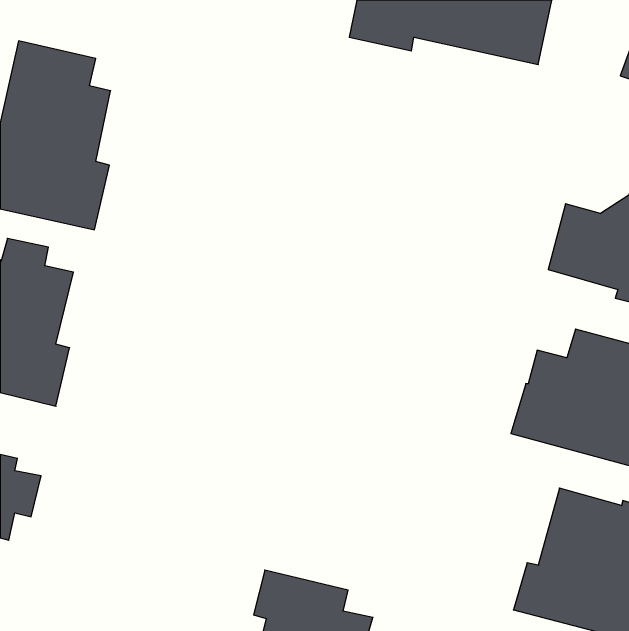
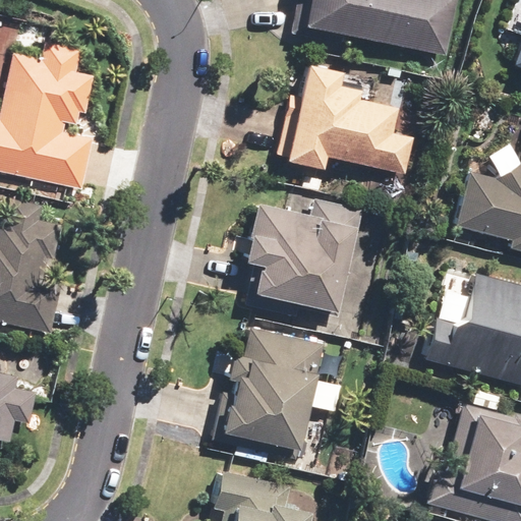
building: none -> [277,62,413,174]
building: none -> [243,197,363,316]
building: none -> [211,327,323,459]

